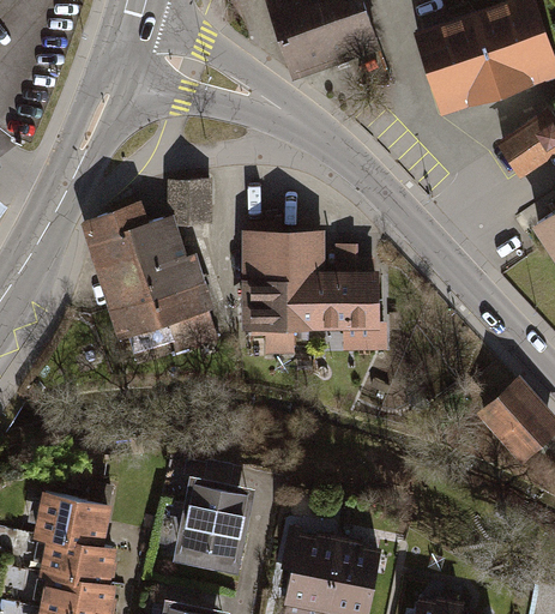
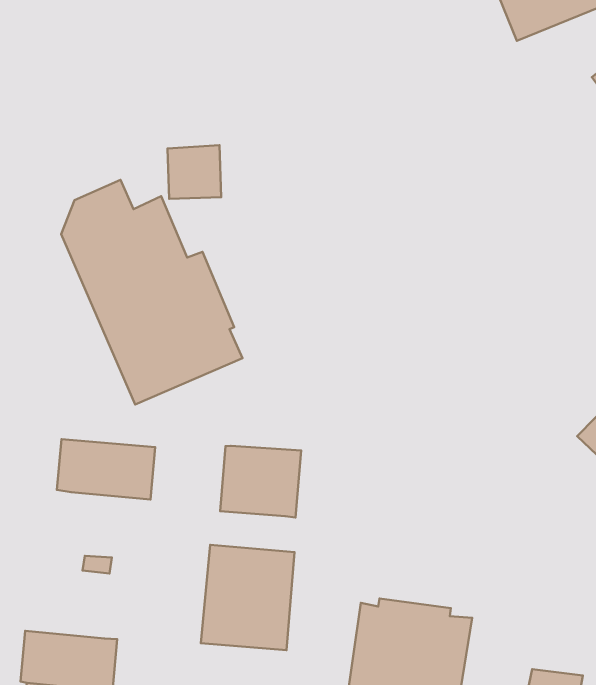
building: [246,228,392,356] -> none
building: none -> [220,446,301,517]
building: [30,498,107,548] -> [57,439,155,500]

